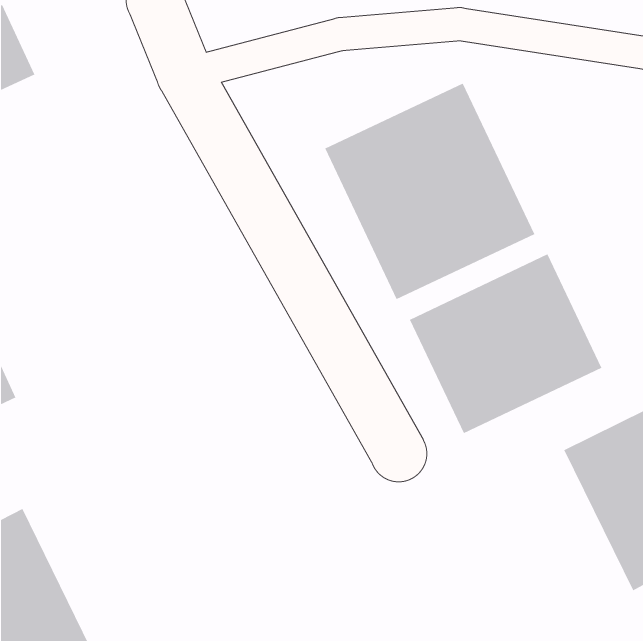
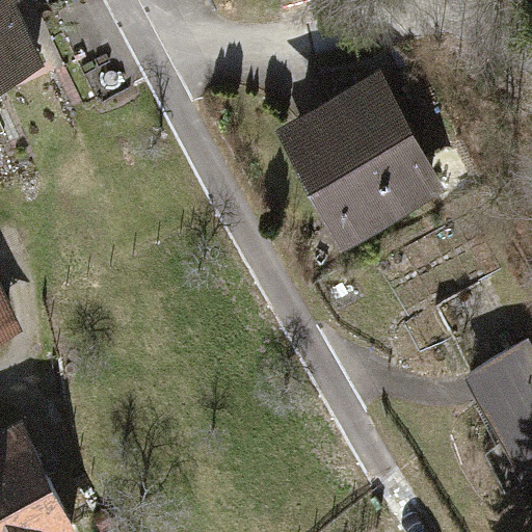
building: [409,253,602,434] -> none

